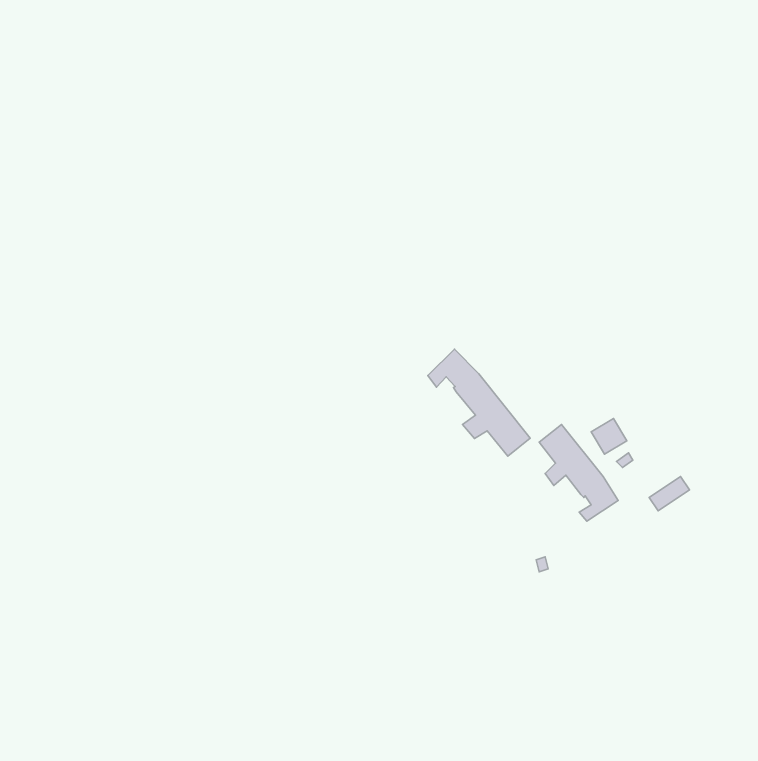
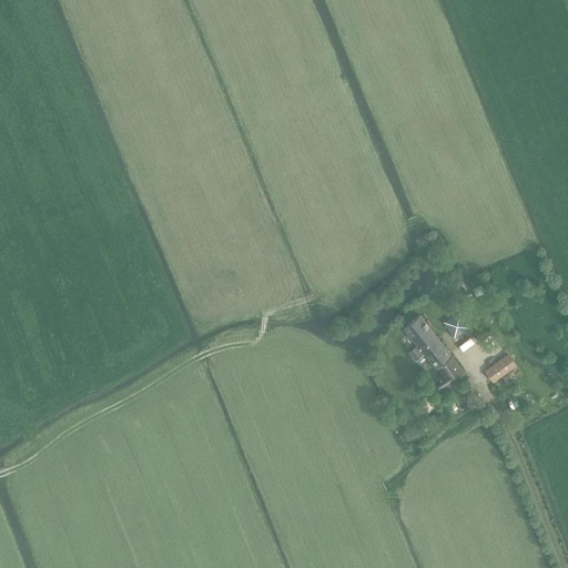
building: [428,349,530,456] -> none

